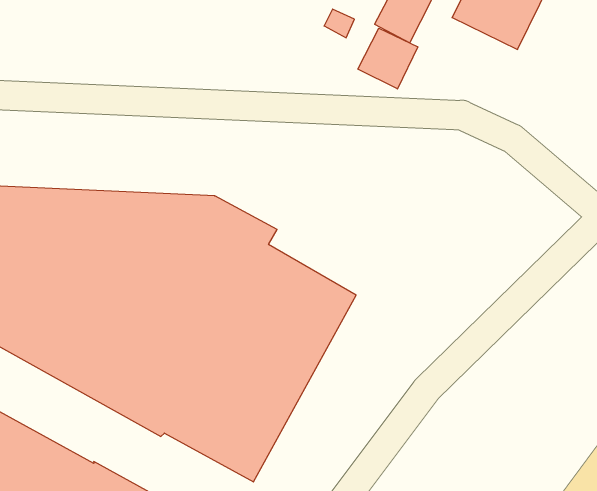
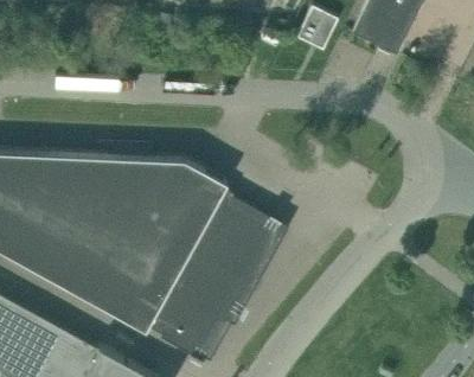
building: [358,28,418,89] -> none

